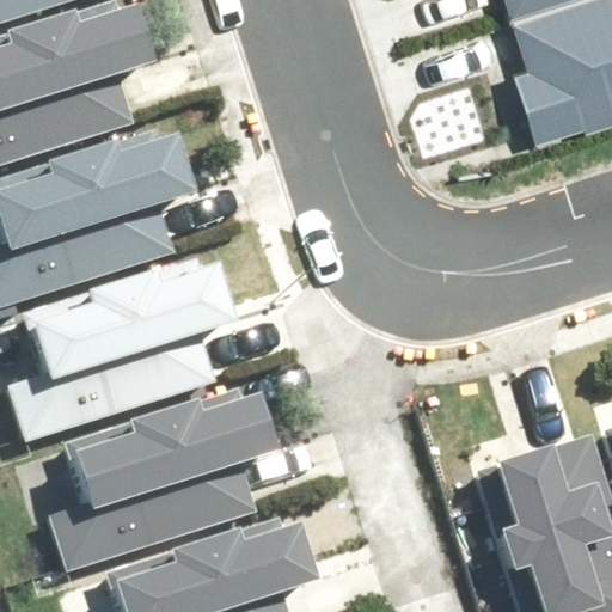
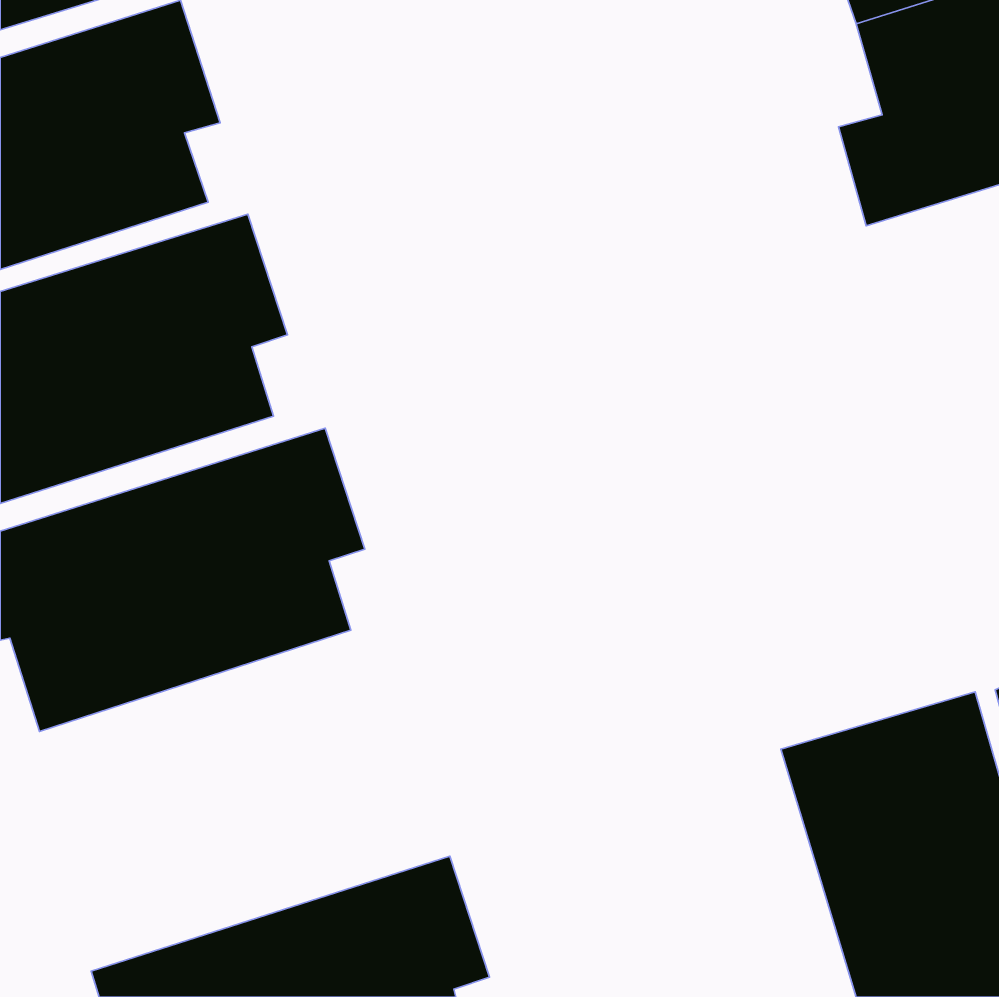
building: [22,390,262,573] -> none

